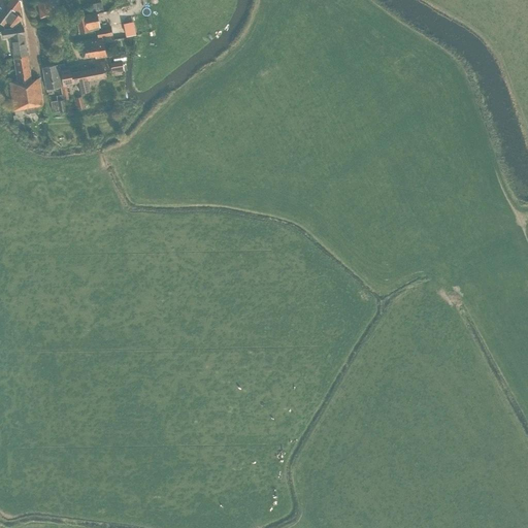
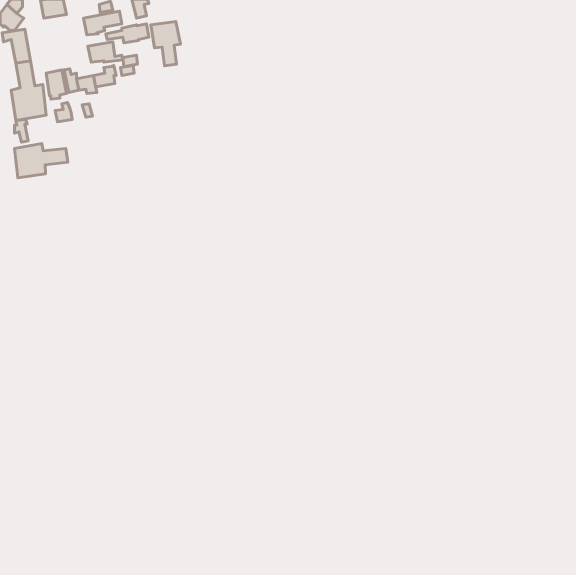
building: none -> [151,22,181,66]
building: none -> [15,144,68,178]

